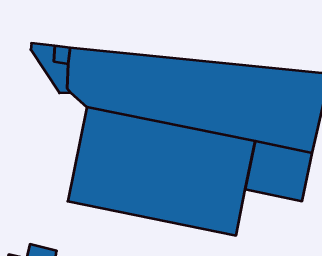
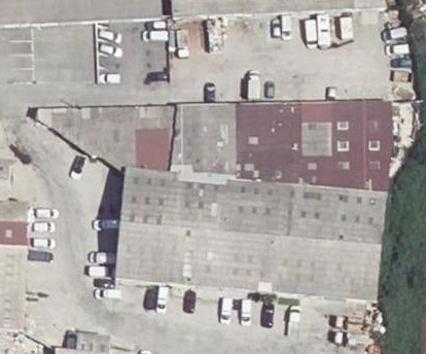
building: none -> [311,242,381,300]

